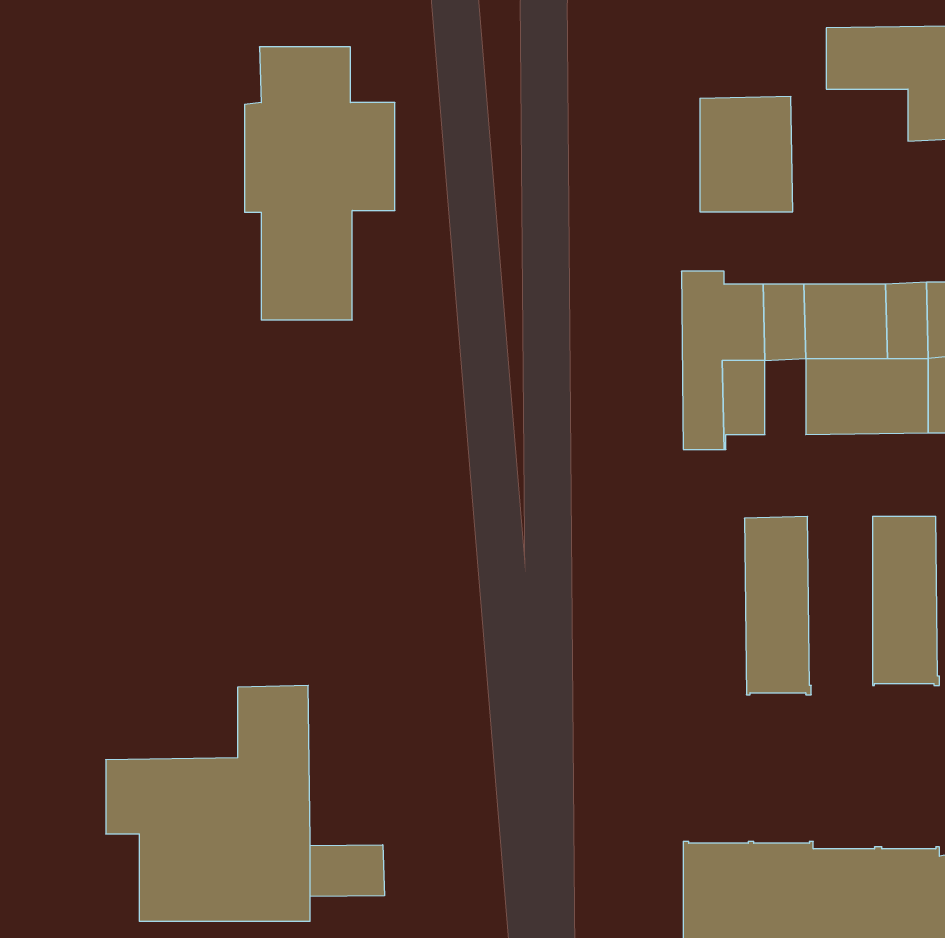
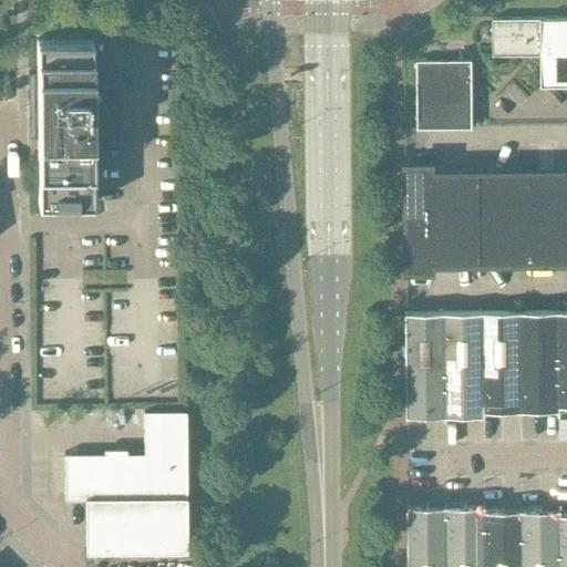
building: [245,47,395,320] -> [30,44,120,207]
building: none -> [458,220,483,266]
building: none -> [484,315,523,415]
building: none -> [408,316,447,421]
building: [310,845,384,897] -> none

